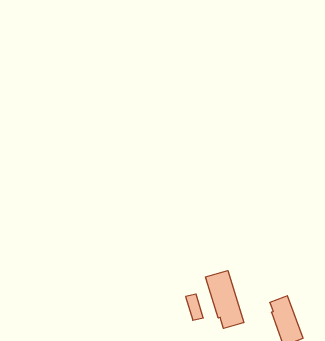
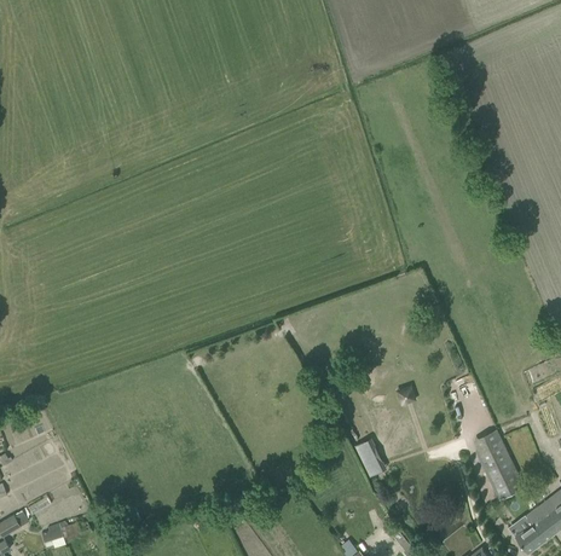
building: [206,271,244,328] -> none

